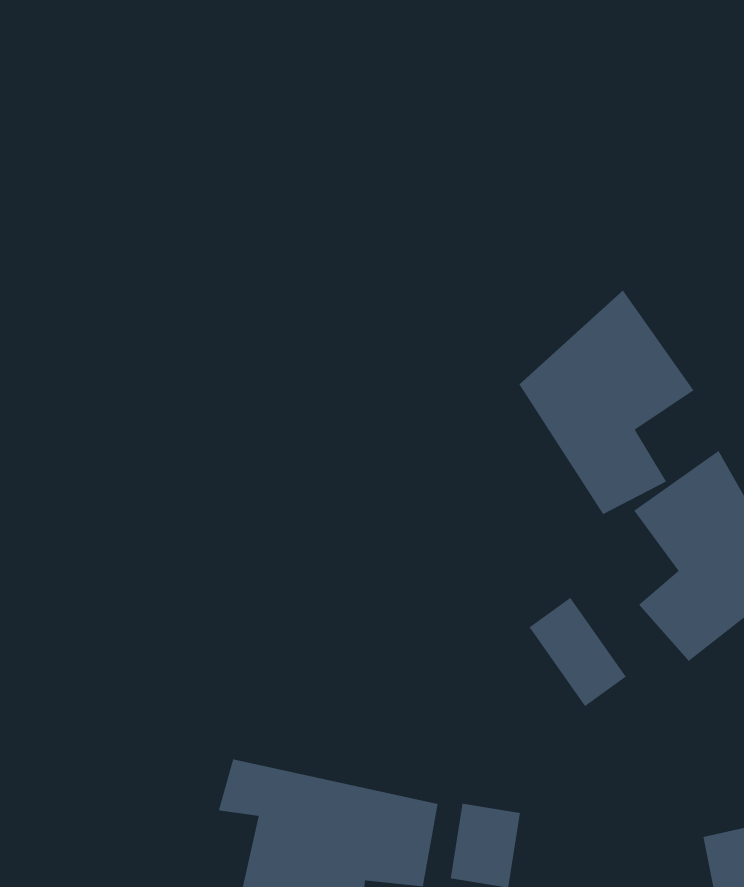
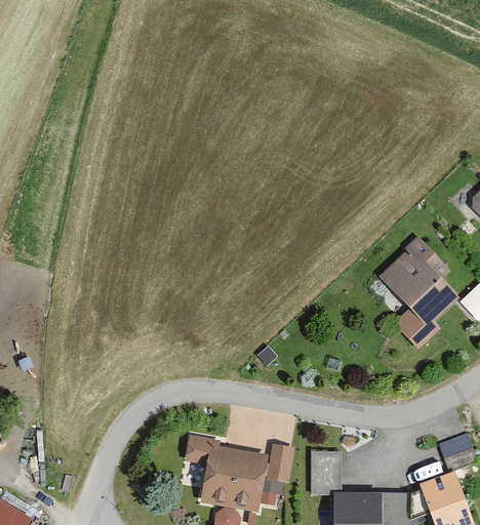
building: [518,289,695,515] -> none
building: [529,597,627,707] -> none

